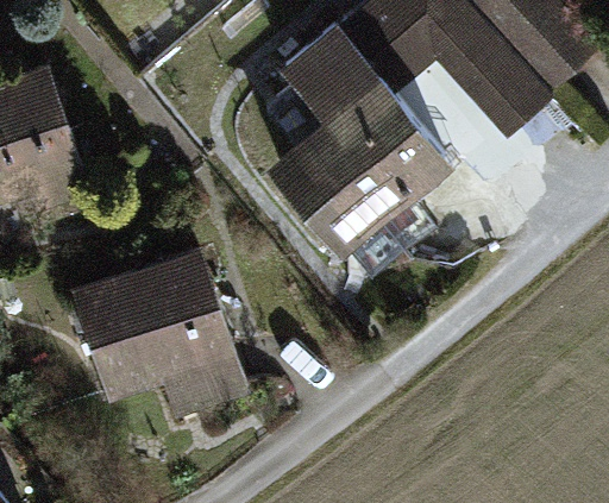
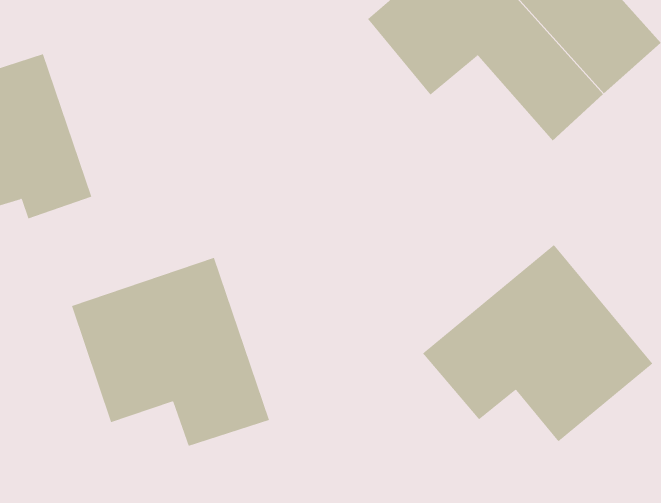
building: [262,25,448,257] -> none
building: none -> [422,244,653,442]

